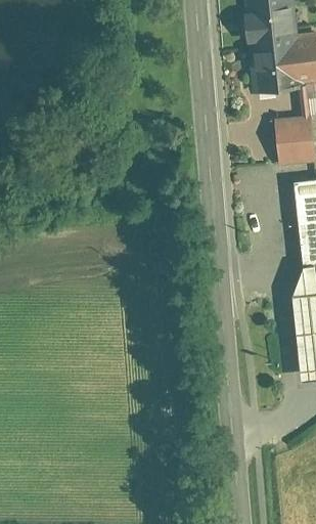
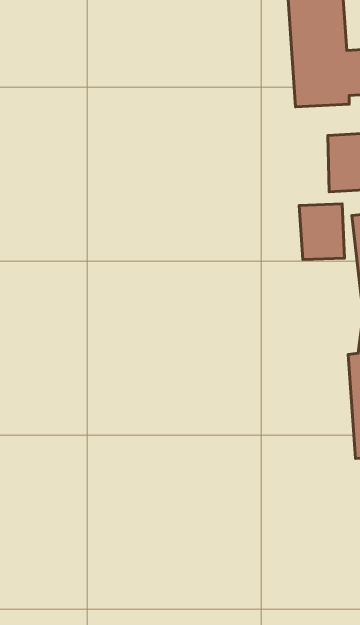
building: none -> [299,204,344,260]

